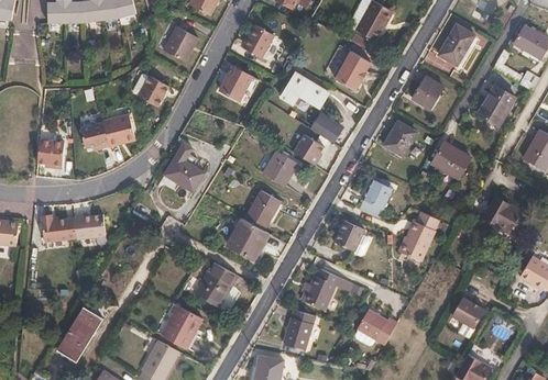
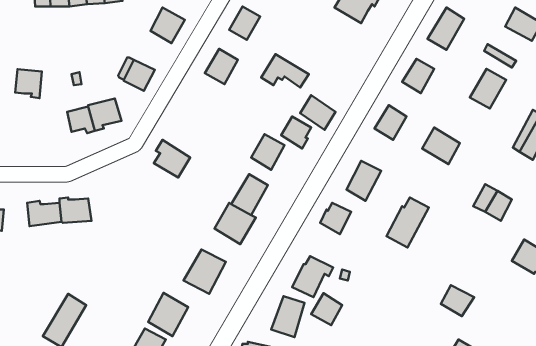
building: [333,52,368,89] -> none
building: [36,139,63,168] -> [15,69,42,98]
building: [357,310,387,342] -> [311,293,342,325]

